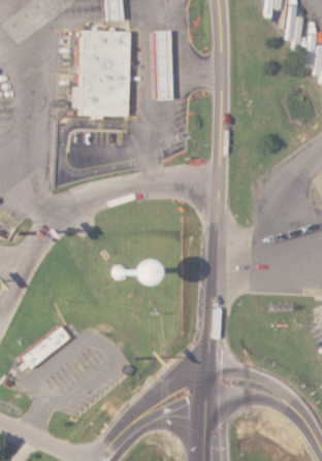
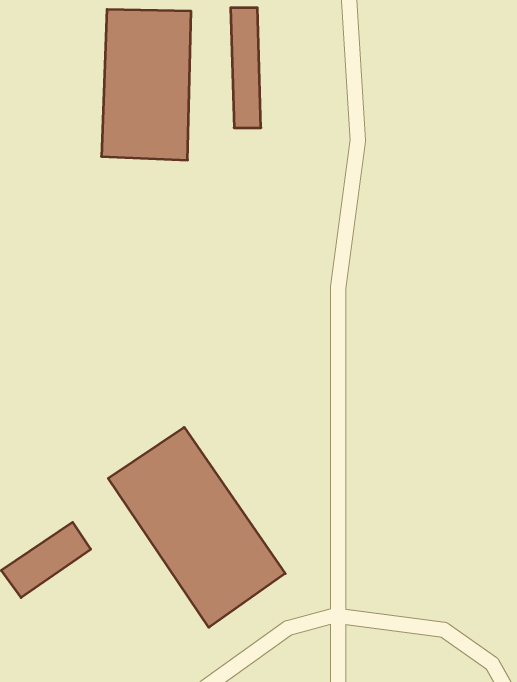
building: none -> [108,427,285,627]

